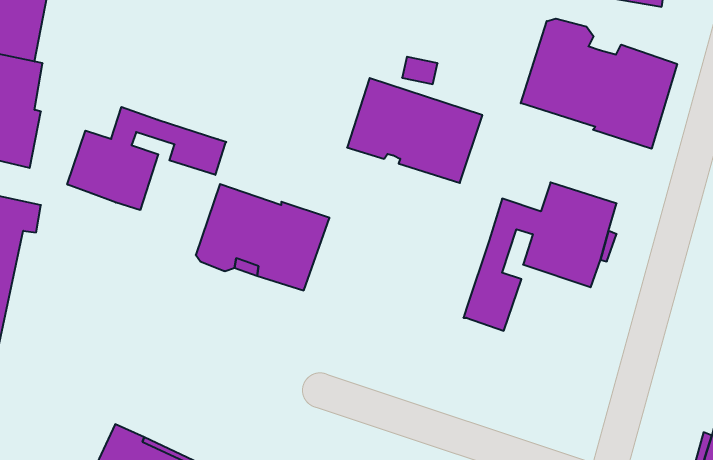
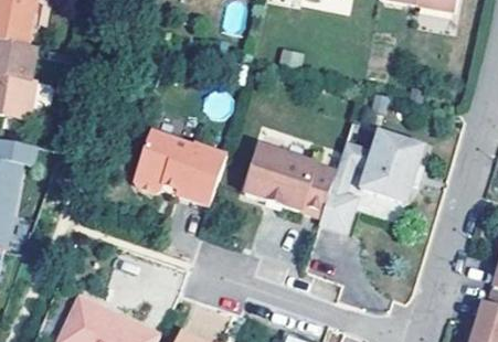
building: [521,19,677,149] -> none
building: [347,78,482,183] -> [243,143,336,215]
building: [67,107,226,210] -> none

